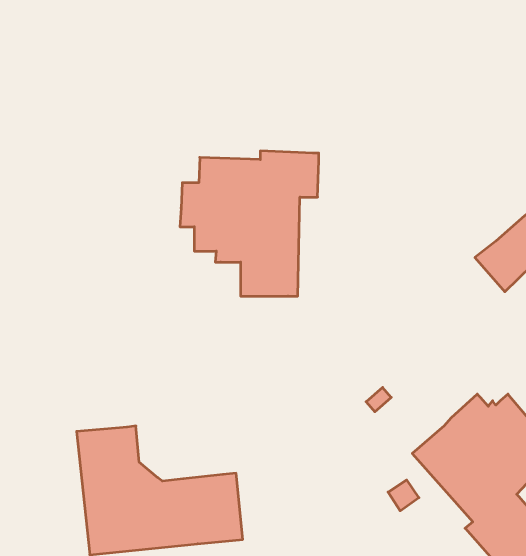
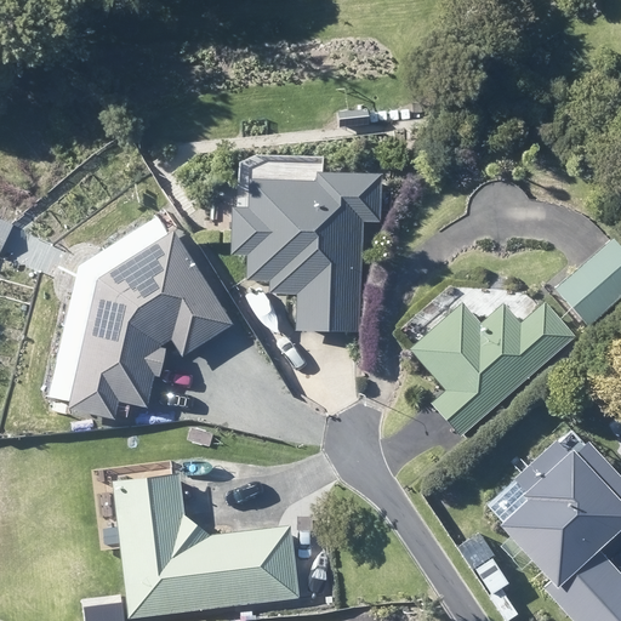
building: none -> [51,215,233,418]
building: none -> [411,300,574,435]

